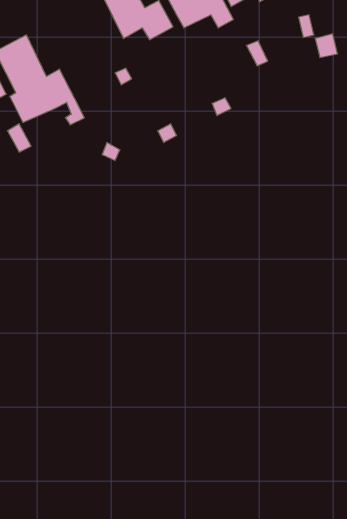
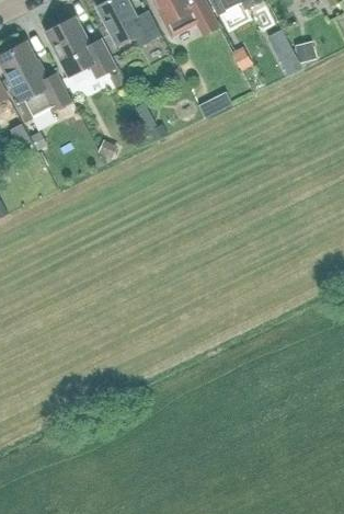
building: none -> [47,16,116,78]

